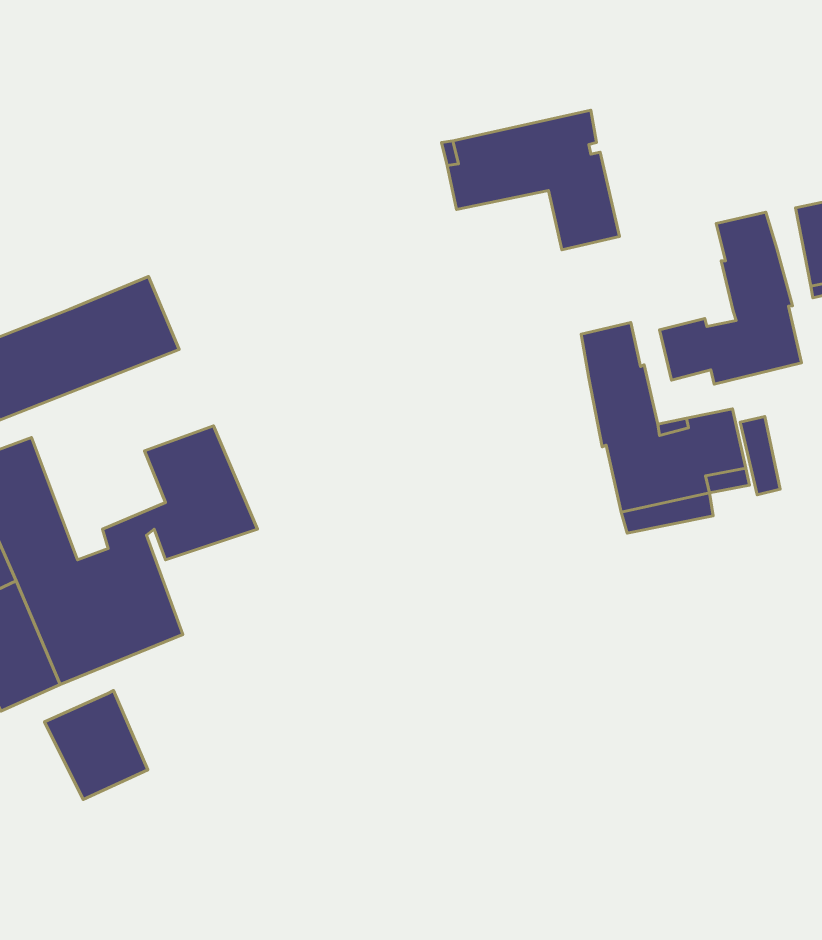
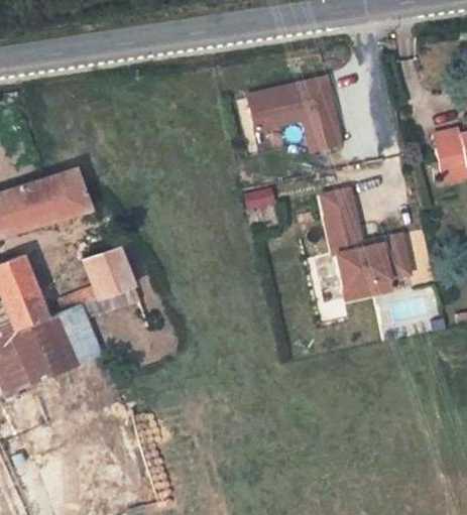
building: [659,212,802,384] -> none
building: [44,690,148,800] -> none

